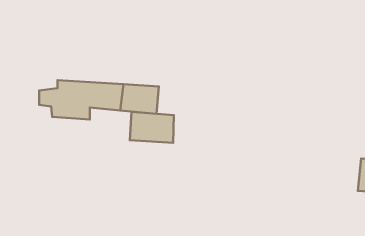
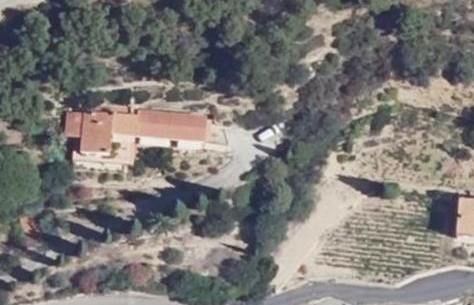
building: [130,112,174,143] -> none

